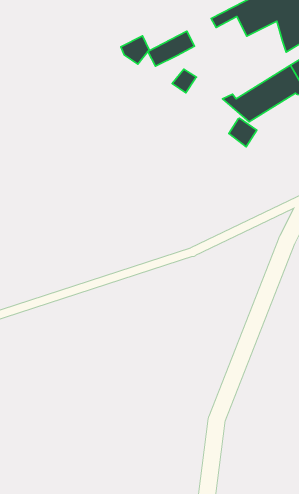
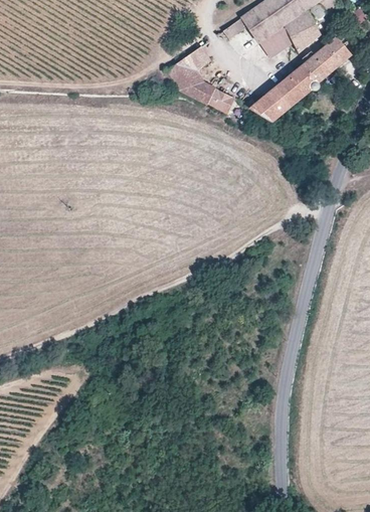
building: none -> [258,24,293,57]
building: [121,36,149,64] -> [176,69,203,97]
building: [229,118,257,147] -> [208,88,234,114]

